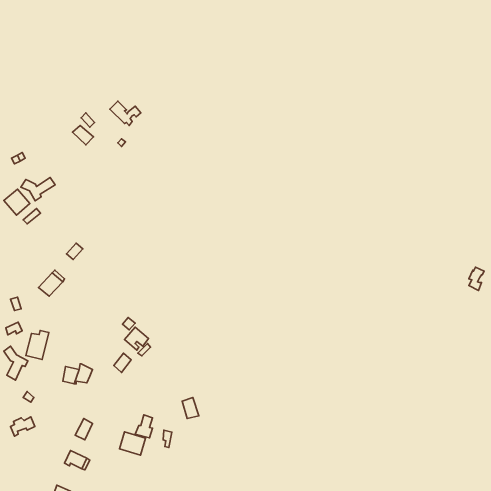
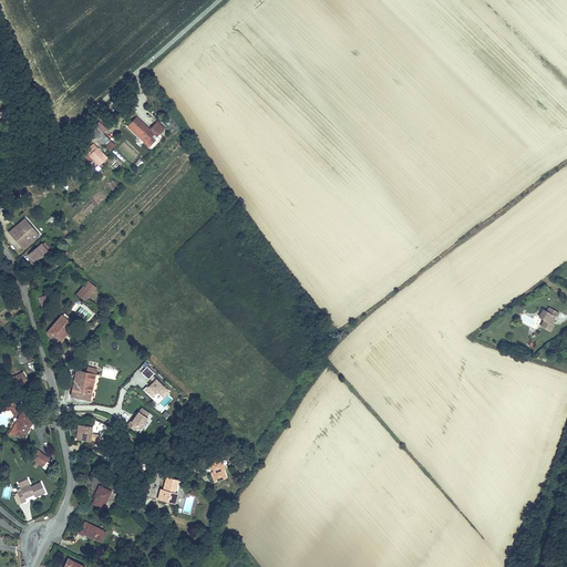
building: [21,177,55,201] -> none
building: [26,330,49,359] -> [71,365,97,399]
building: [119,432,145,455] -> none

